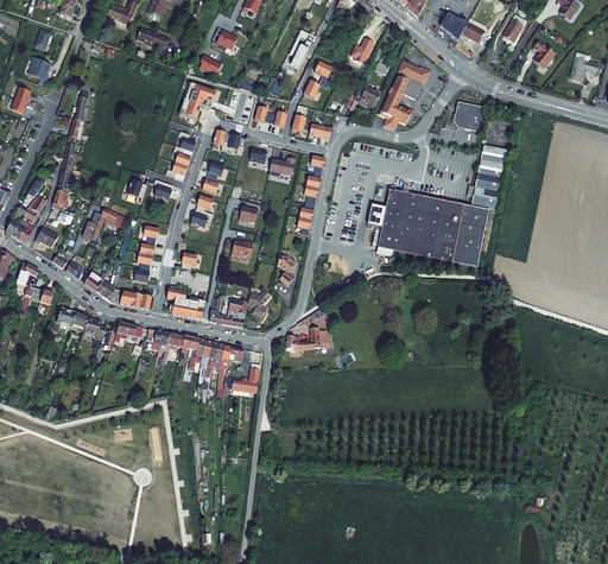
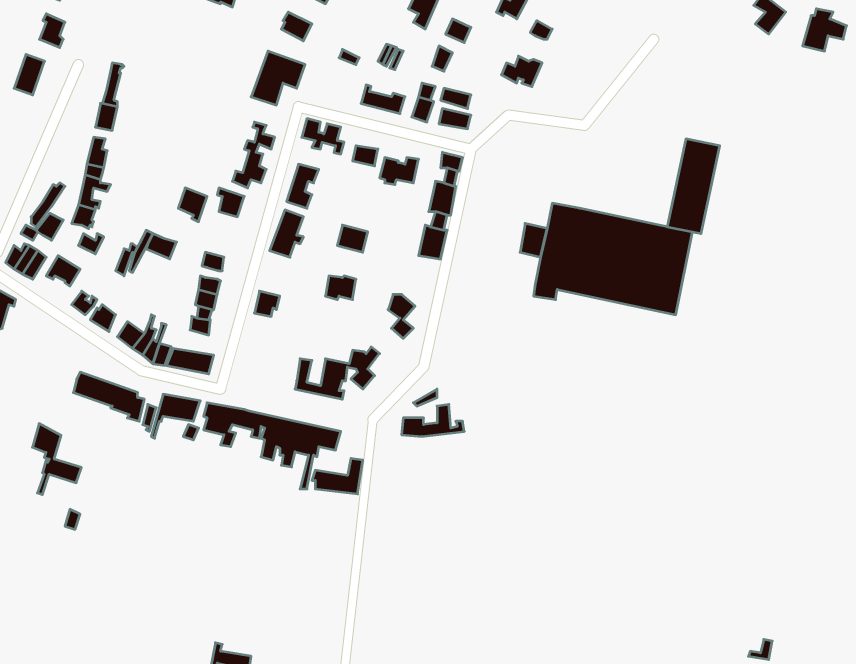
building: [379,61,430,128] -> none
building: [454,101,484,132] -> none
building: [17,262,51,312] -> [32,424,81,495]
building: [169,286,207,317] -> none

